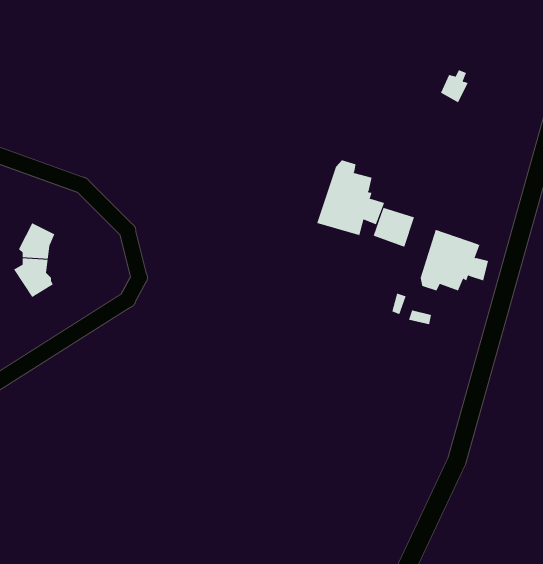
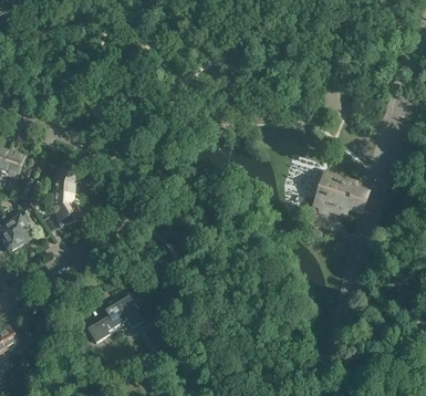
building: [316,160,385,236] -> none
building: none -> [86,290,144,343]

